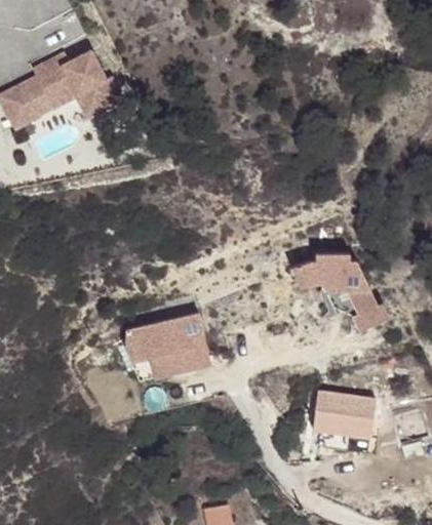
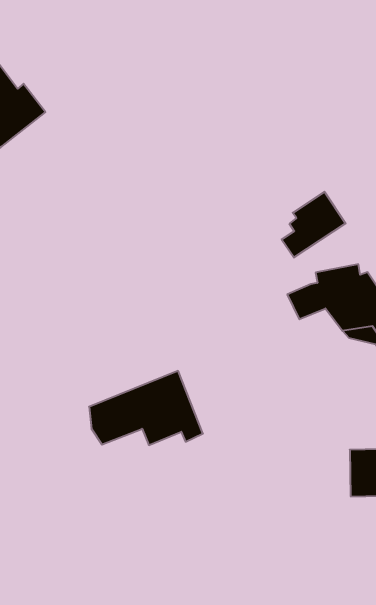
building: none -> [282,192,346,258]
building: [129,353,194,379] -> none

